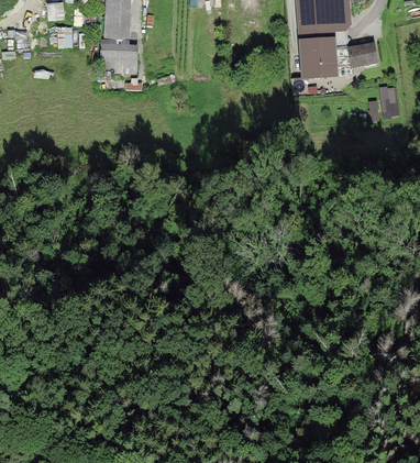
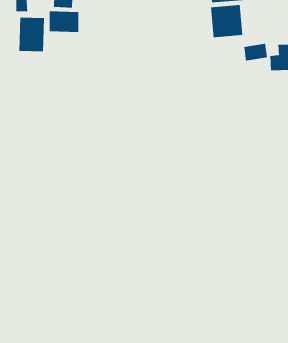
building: [346,44,376,66] -> [243,43,268,61]
building: none -> [19,17,44,52]

